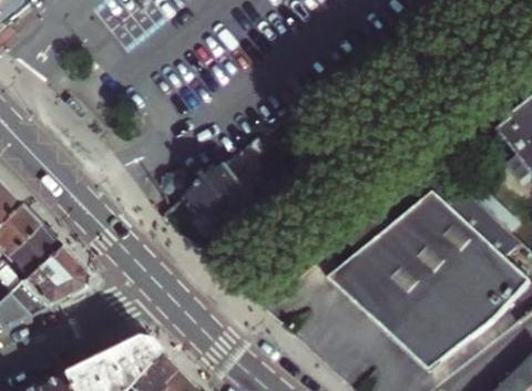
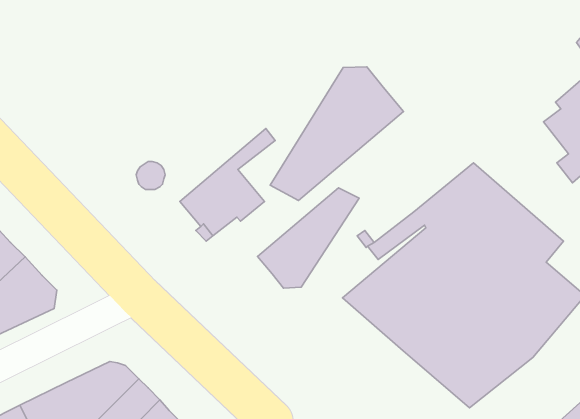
building: none -> [270,67,404,200]
building: none -> [257,188,359,288]

